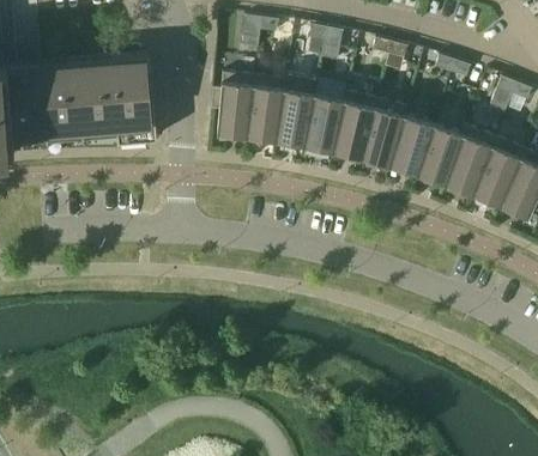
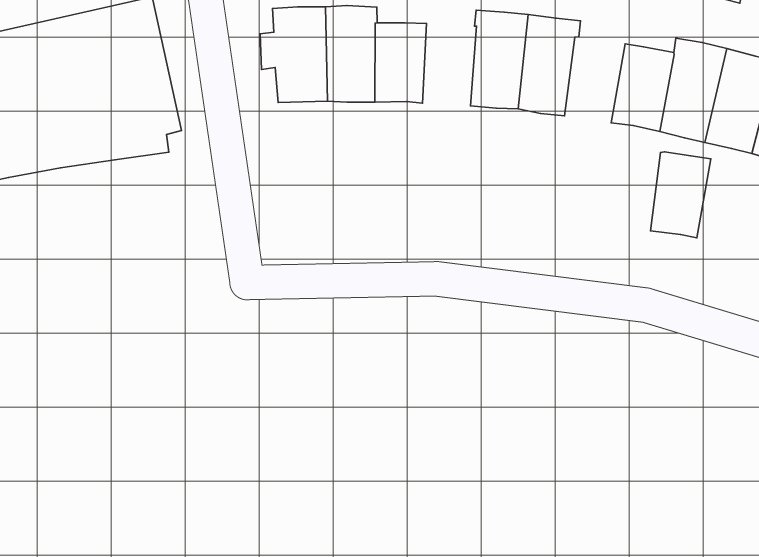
building: [303,97,343,151] -> none
building: [388,118,431,174] -> [650,152,711,238]

